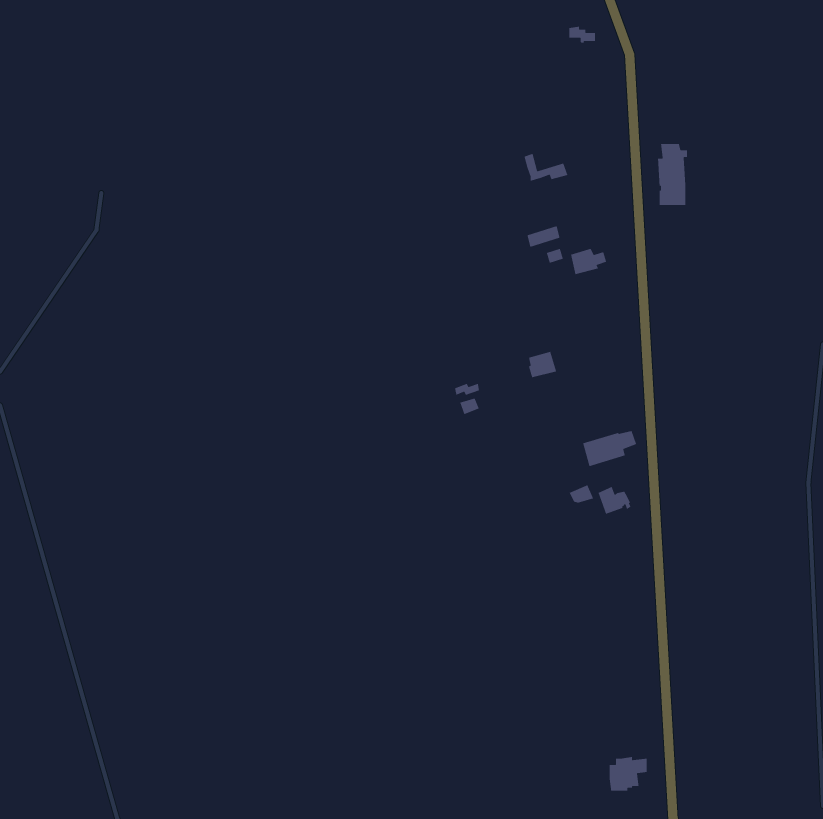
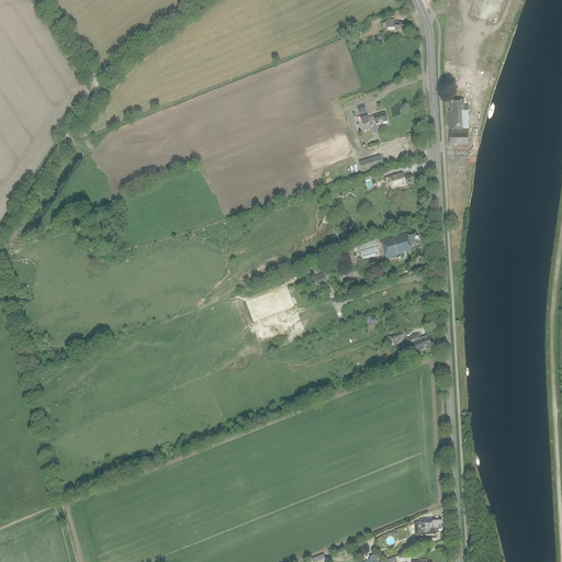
building: [582,430,637,467] -> [381,231,418,256]

